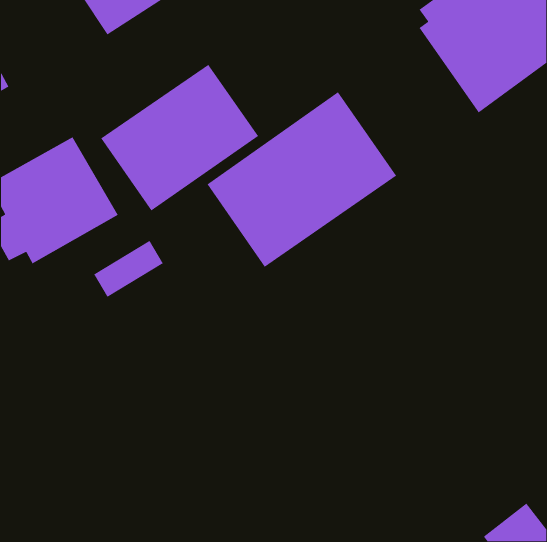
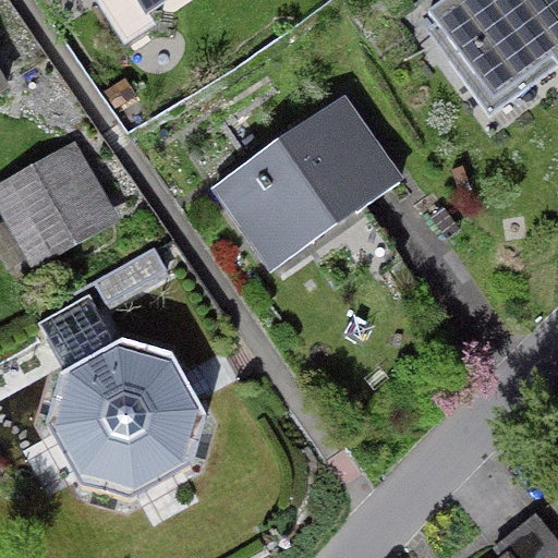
building: [100,64,259,211] -> none
building: none -> [23,291,207,502]

